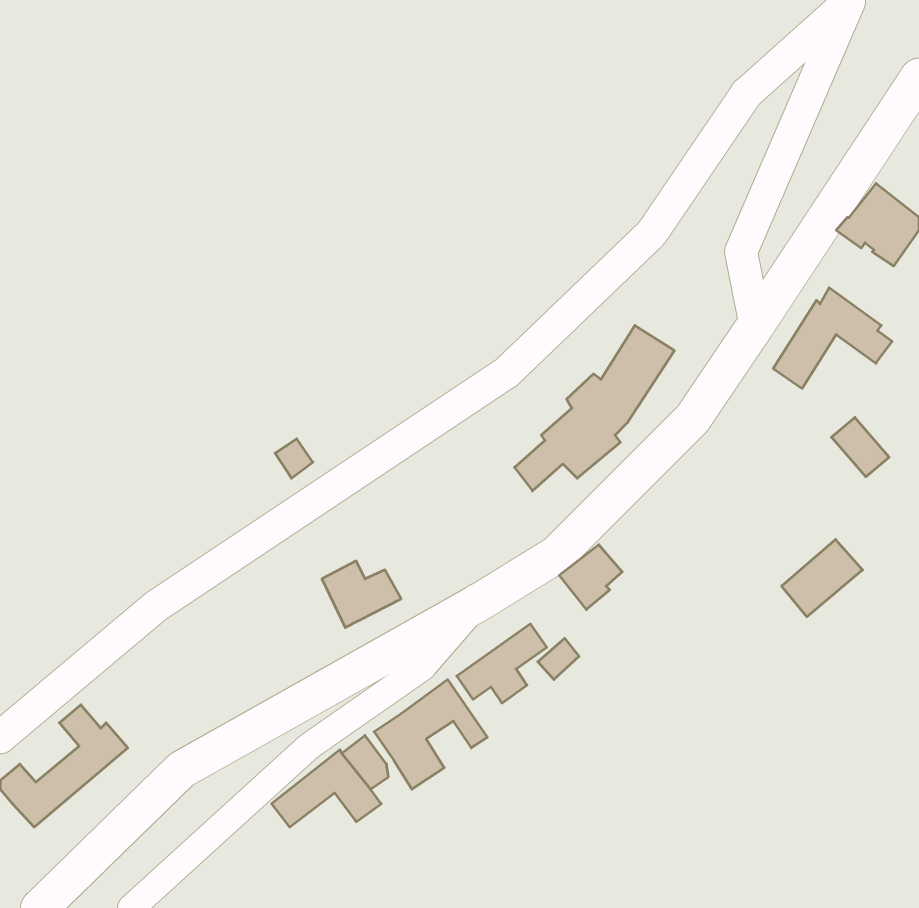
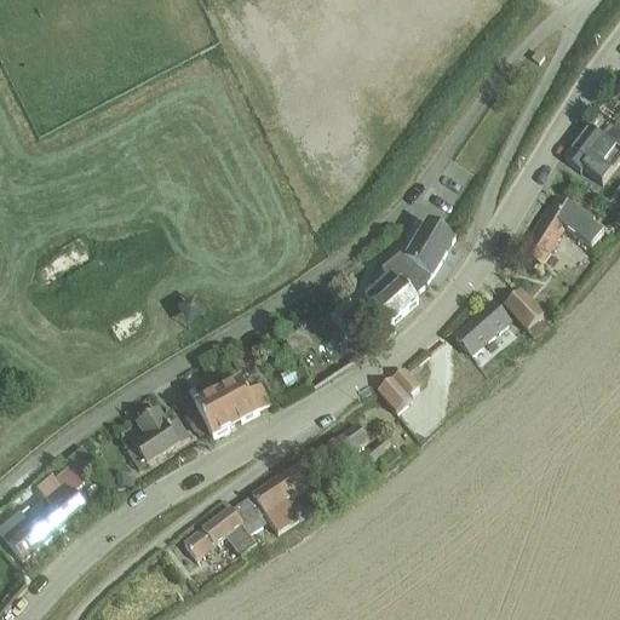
building: [831,417,889,477] -> [504,288,542,328]
building: [782,539,863,617] -> [454,300,509,352]
building: none -> [188,385,232,435]
building: none -> [126,408,186,460]

